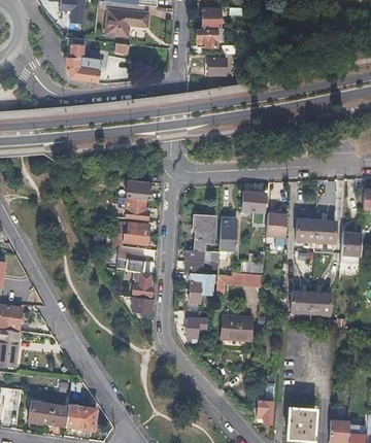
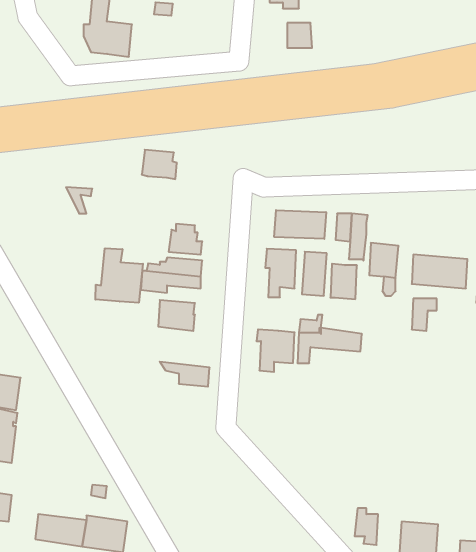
building: [127,180,151,201] -> [142,150,177,179]
building: none -> [274,210,326,239]
building: none -> [95,248,143,303]
building: [185,249,204,274] -> [330,264,357,299]
building: [125,272,153,296] -> none
building: [293,294,332,315] -> none
building: [185,310,207,342] -> none
building: [223,318,252,340] -> none

